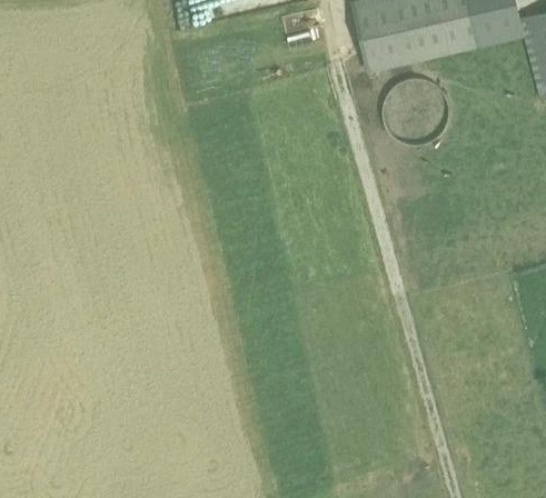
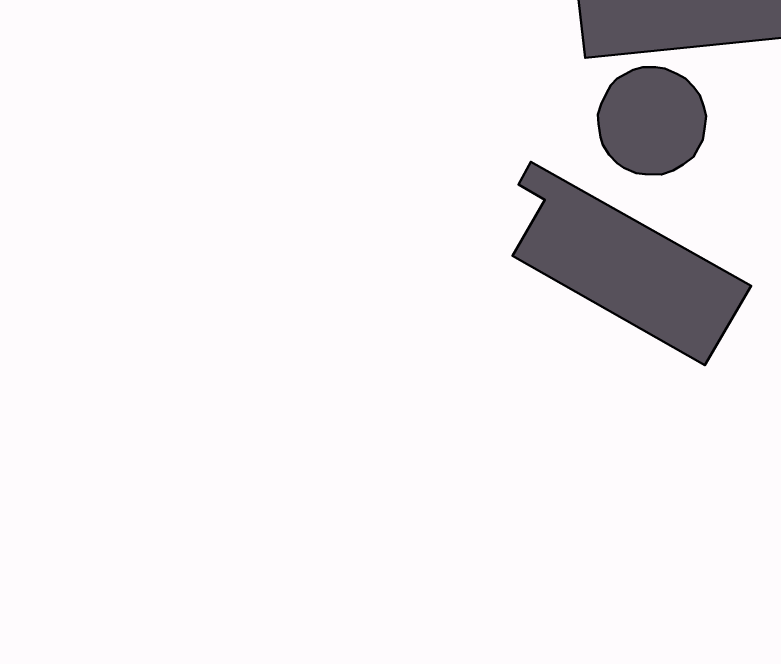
building: none -> [512,162,751,365]

